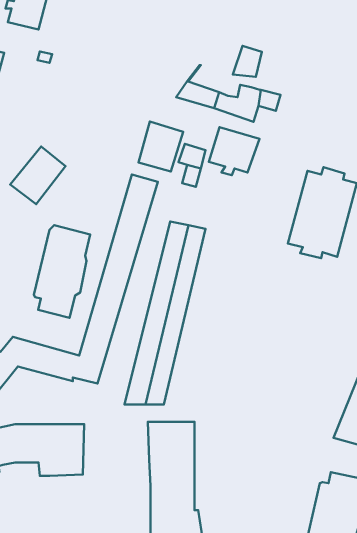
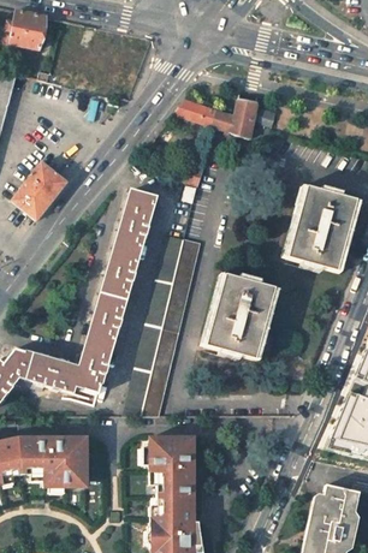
building: [233,46,262,77] -> none
building: [138,122,183,172] -> none
building: [209,127,259,175] -> none
building: [34,225,90,318] -> none
building: none -> [202,272,268,361]

